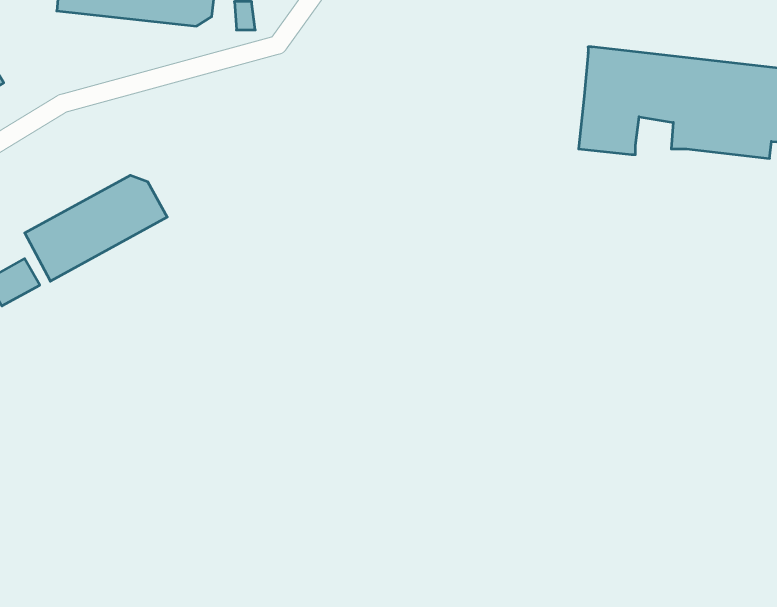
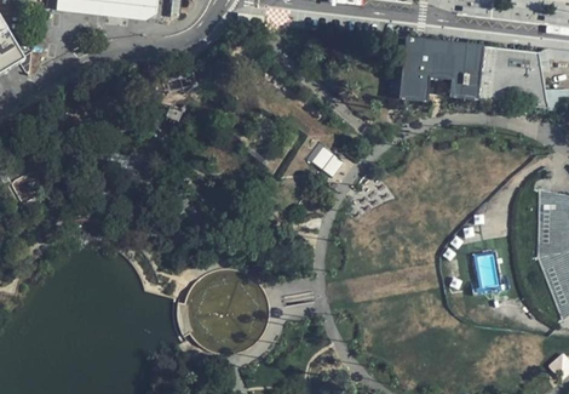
building: [25,175,167,281] -> none
building: none -> [308,141,345,175]

